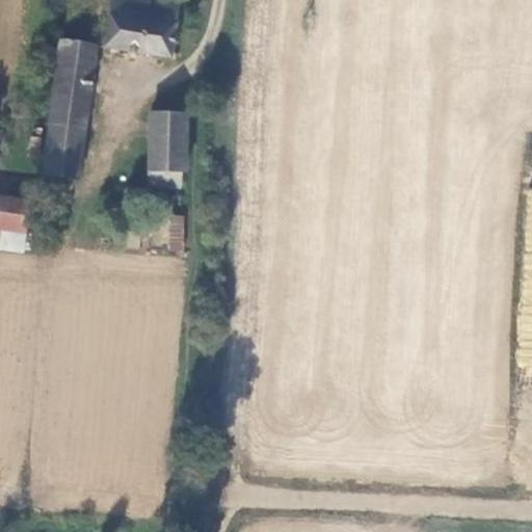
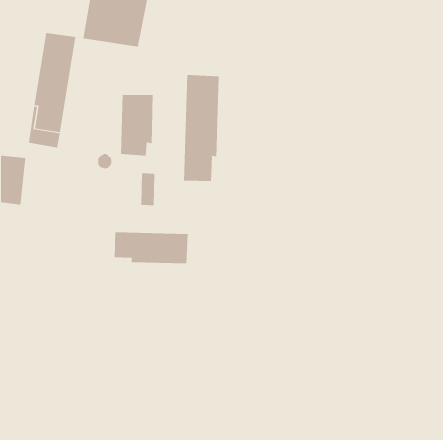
building: none -> [184,74,219,182]
building: none -> [114,232,188,264]

